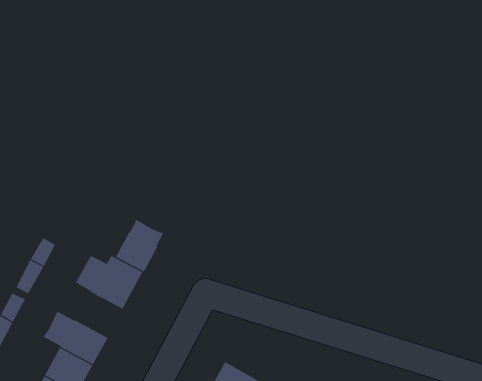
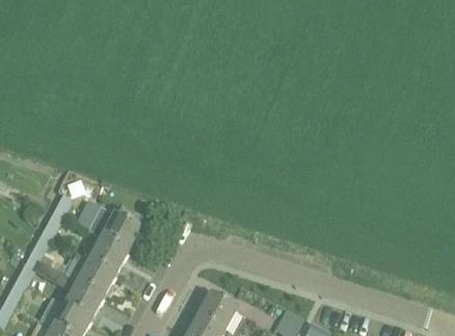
building: [115,219,164,272] -> none
building: none -> [87,237,126,275]

